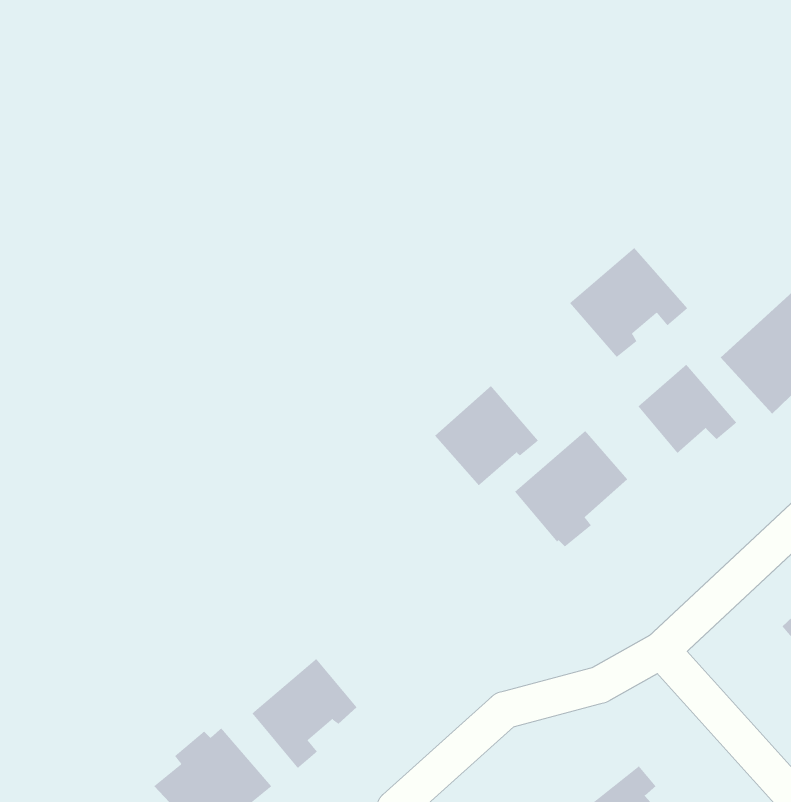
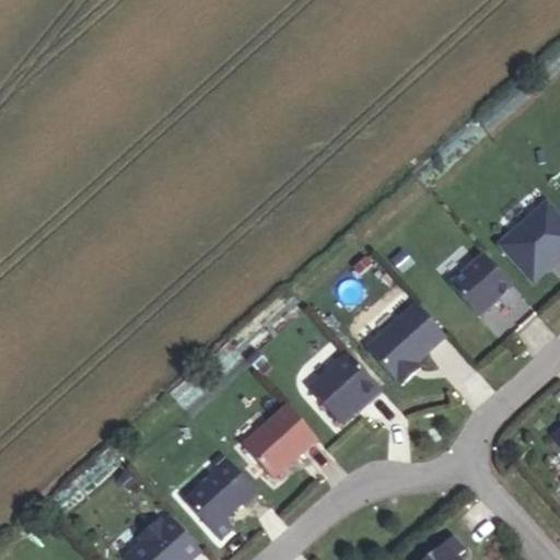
building: [569,247,688,358] -> none
building: [434,385,539,486] -> [308,351,381,421]
building: none -> [242,402,317,476]

